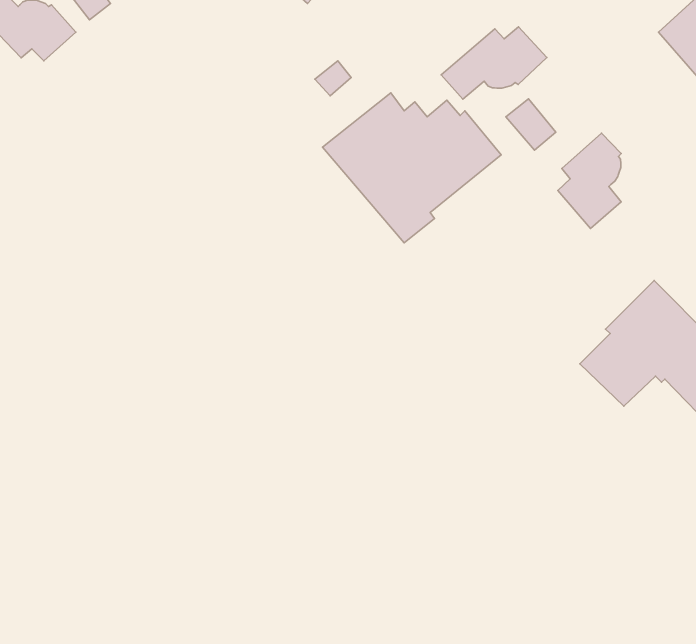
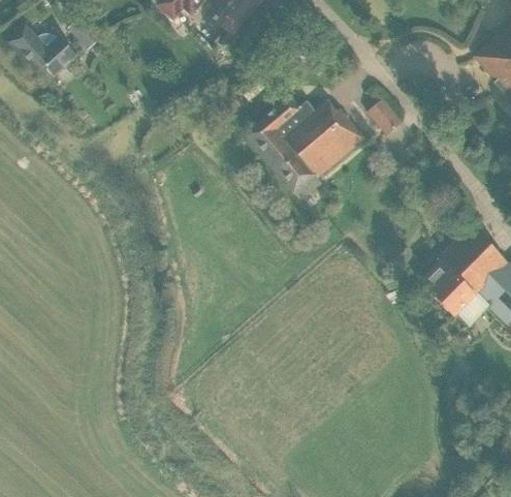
building: [441,27,547,99] -> none
building: [558,133,621,229] -> none

